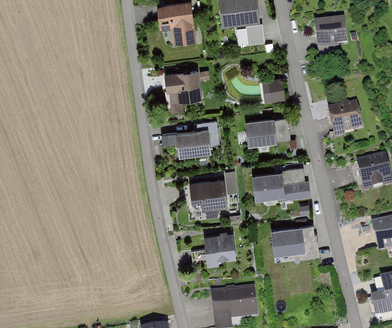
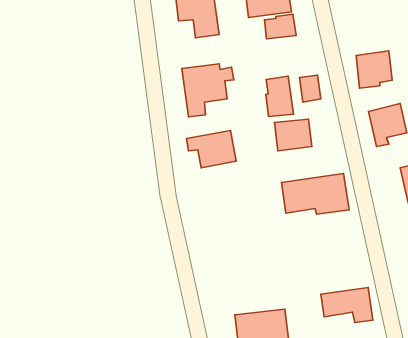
building: [316,17,348,50] -> [356,51,392,88]
building: none -> [266,76,294,117]
building: [189,176,228,220] -> none
building: [268,223,314,254] -> [321,287,373,322]
building: [203,230,238,267] -> none

